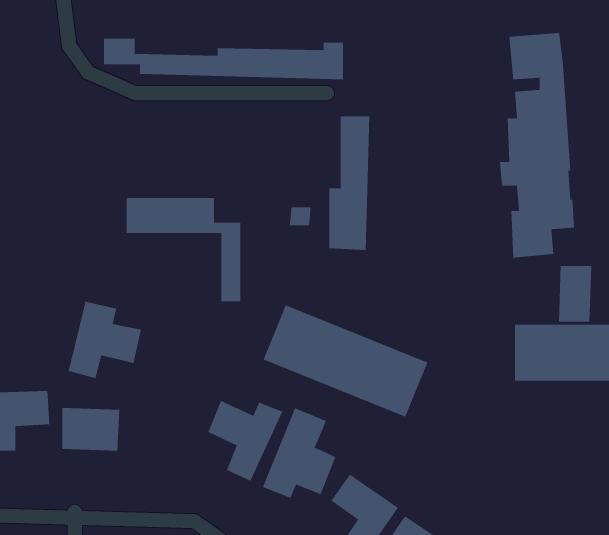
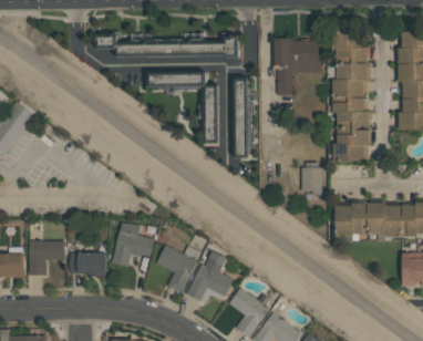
building: none -> [276,40,321,96]
building: [126,198,241,302] -> [149,66,217,127]
building: [558,265,592,322] -> [302,161,322,194]
building: [68,301,142,379] -> [112,223,155,268]
building: [263,304,428,418] -> none

